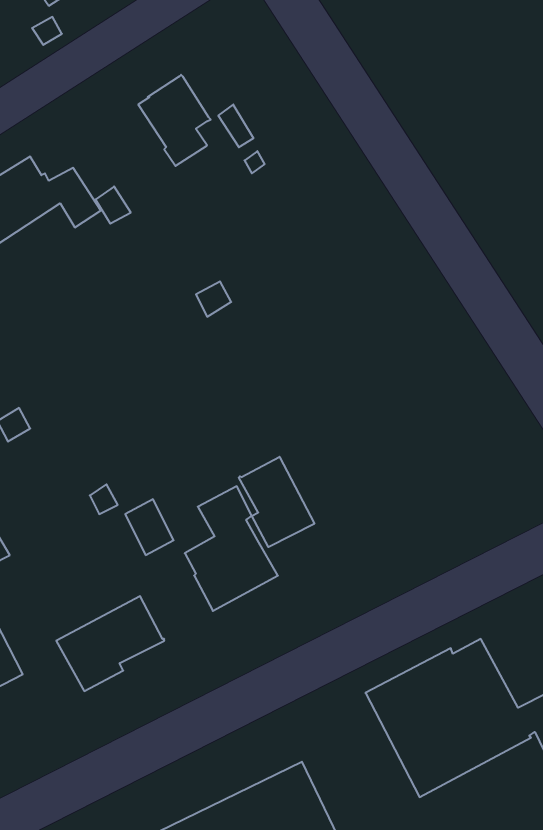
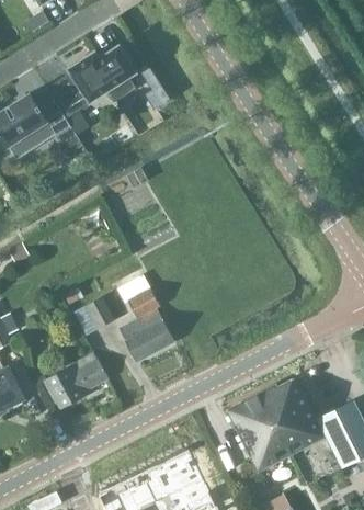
building: none -> [47,53,110,118]
building: [239,457,314,547] -> none

